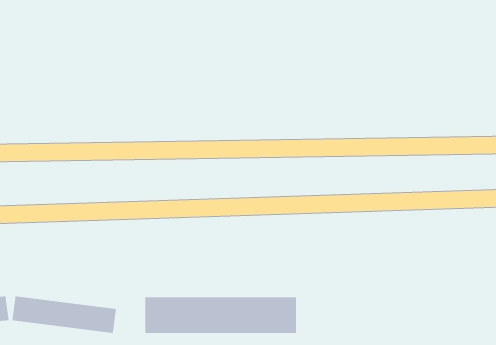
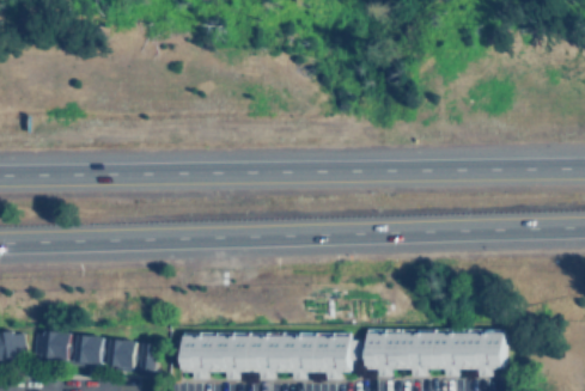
building: none -> [366,329,504,371]

